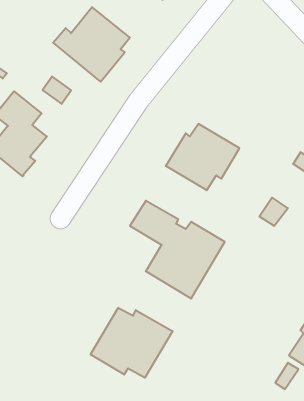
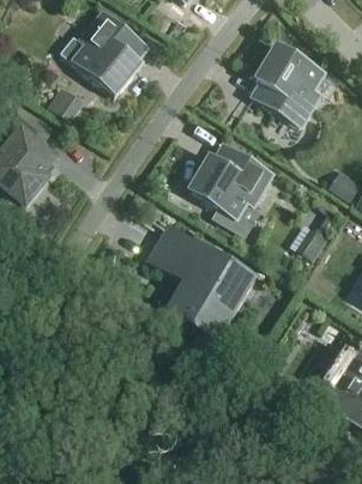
building: none -> [253,42,325,126]
building: [91,308,173,378] -> none

